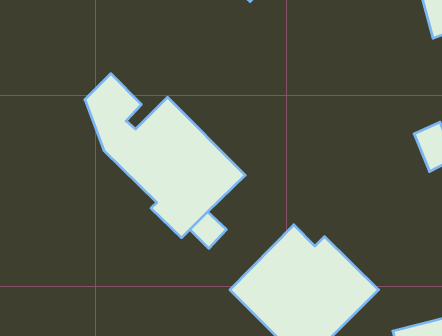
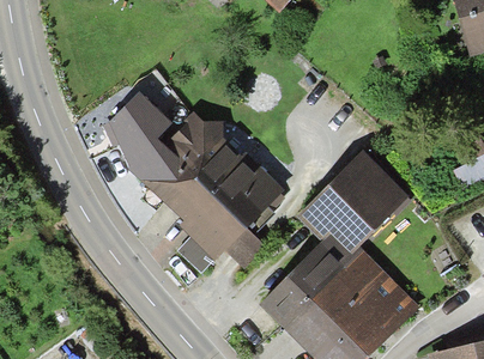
building: none -> [302,156,410,263]

